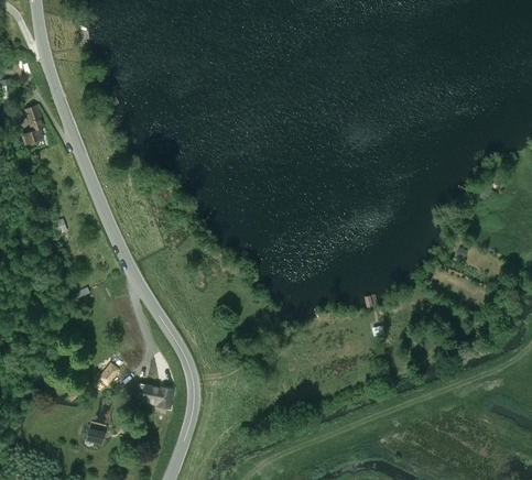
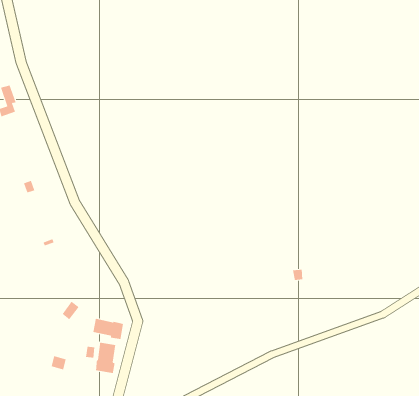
building: none -> [95,342,116,374]

